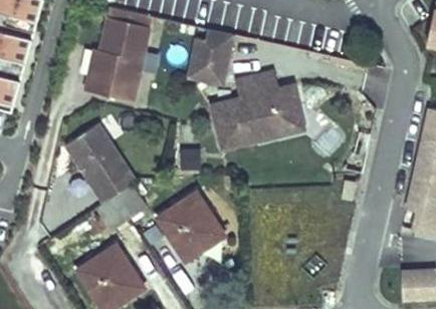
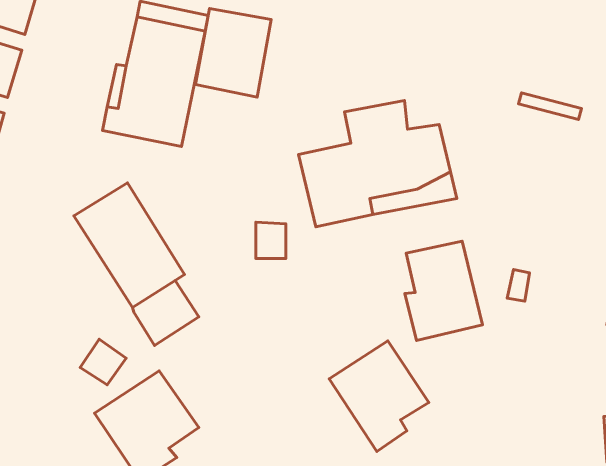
building: [187,28,235,84] -> [195,9,271,97]
building: none -> [405,241,483,340]
building: [159,191,222,261] -> [329,341,429,451]

